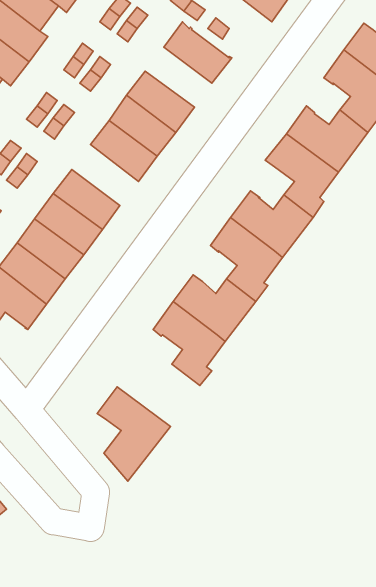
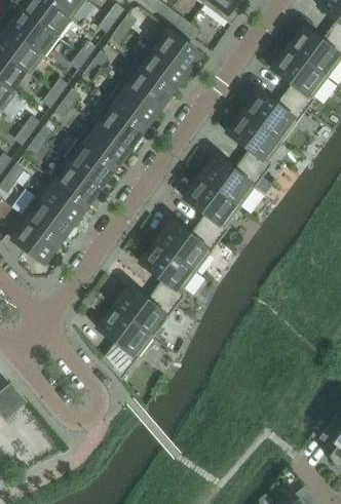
building: none -> [136,44,187,90]
building: none -> [79,119,130,166]
building: none -> [114,285,178,337]

